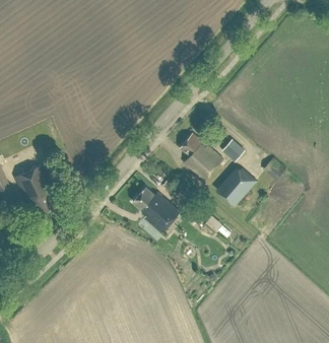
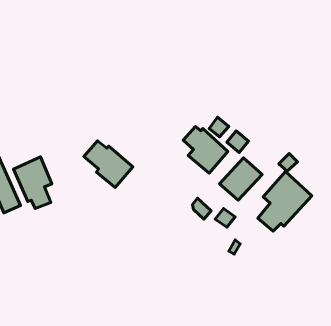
building: none -> [258,171,312,231]
building: [133,187,181,232] -> [84,141,133,188]

